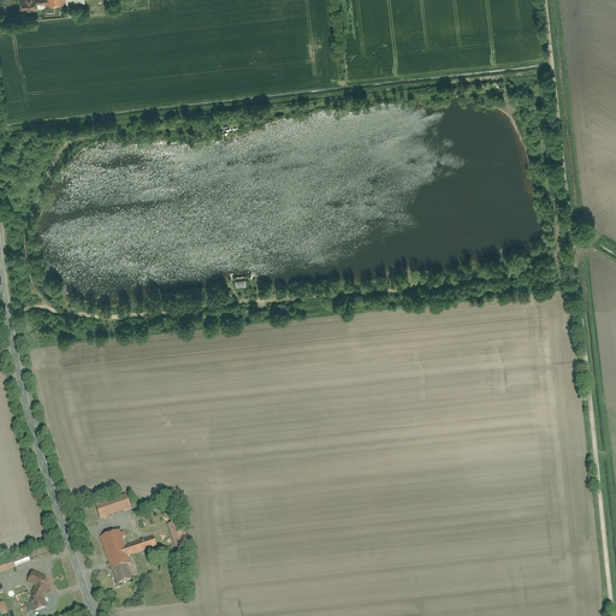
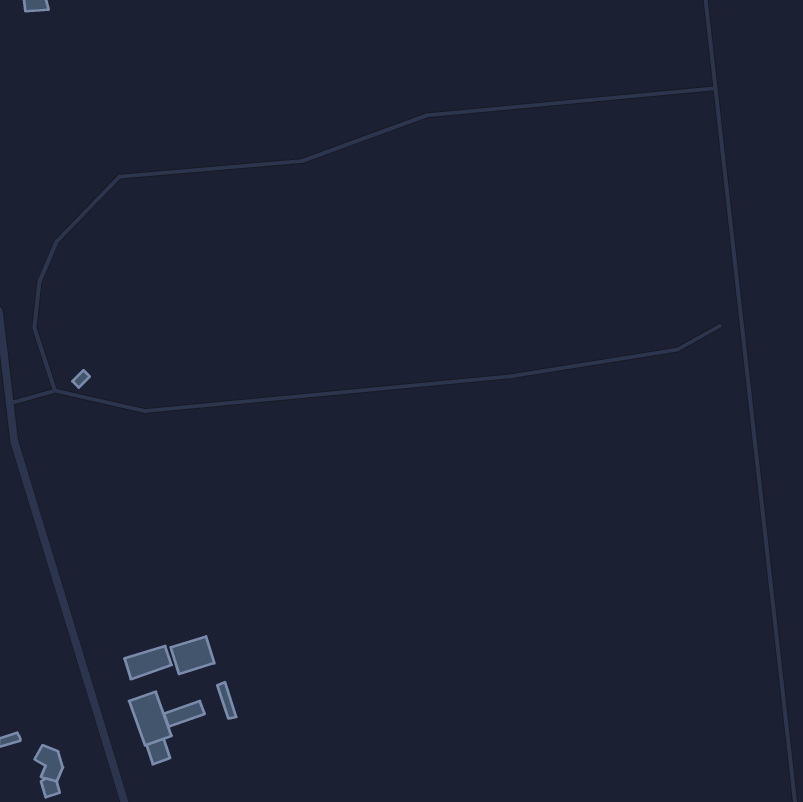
building: none -> [171,636,214,674]

